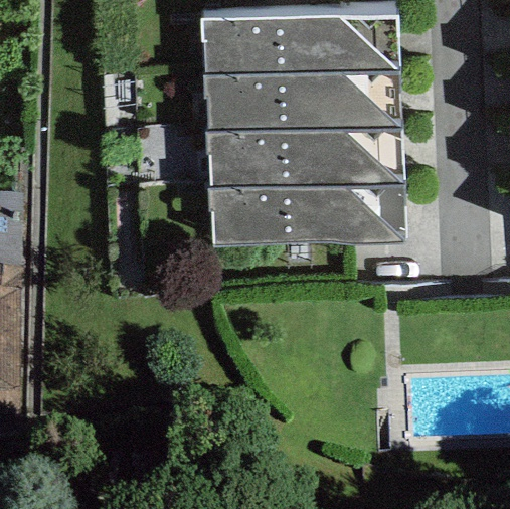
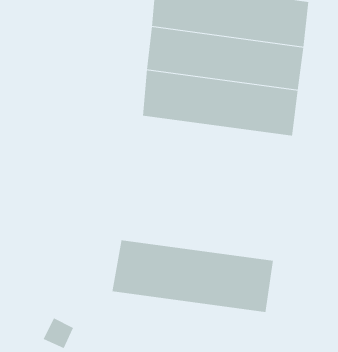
building: [207,182,400,242] -> none
building: none -> [112,240,273,313]

